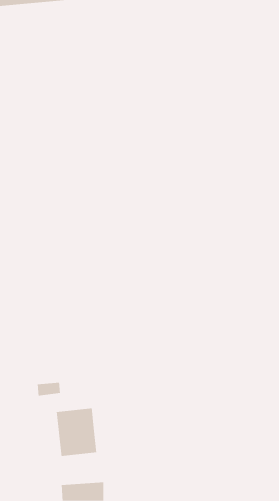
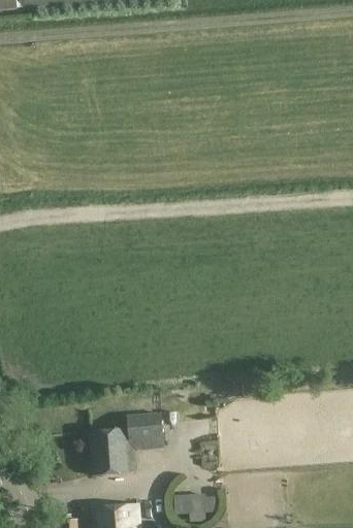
building: none -> [127,412,164,448]
building: none -> [174,492,206,513]

